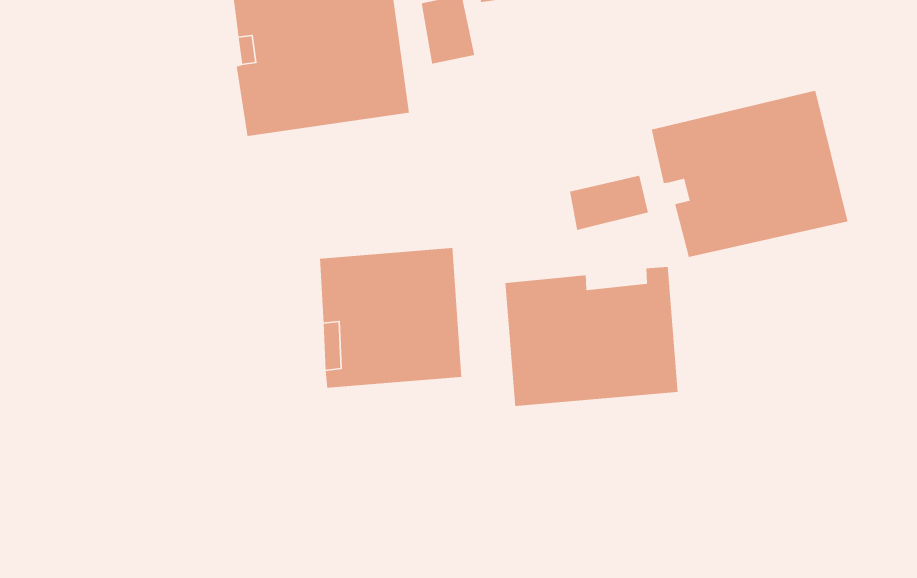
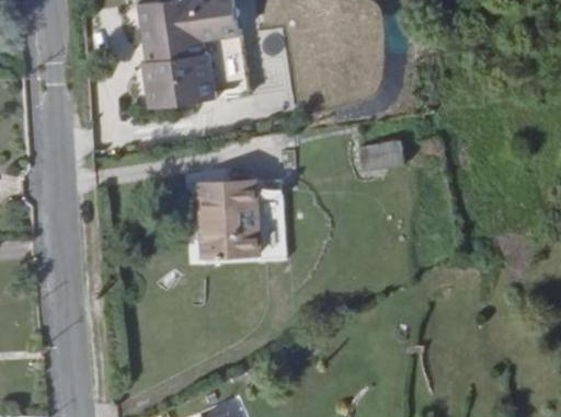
building: [651,90,849,258] -> none
building: [505,266,678,407] -> none

